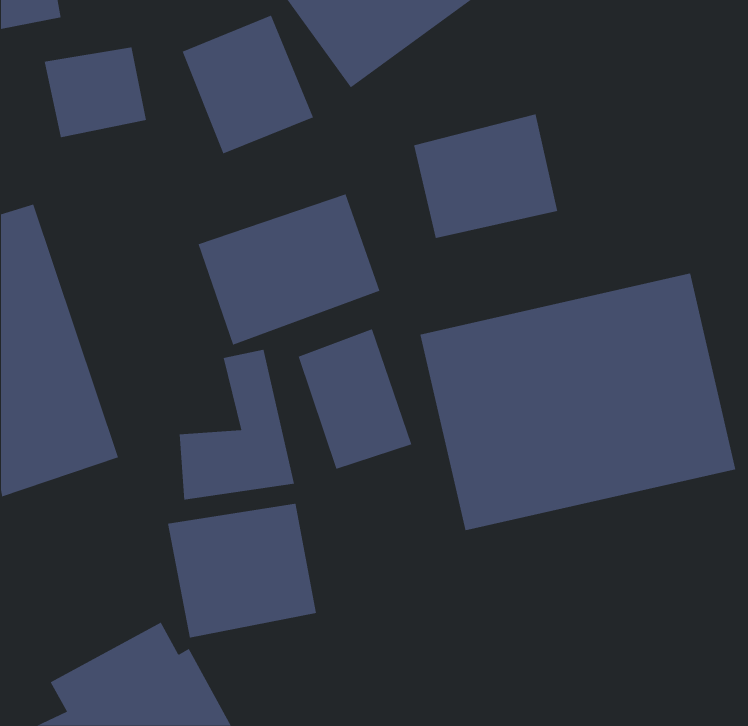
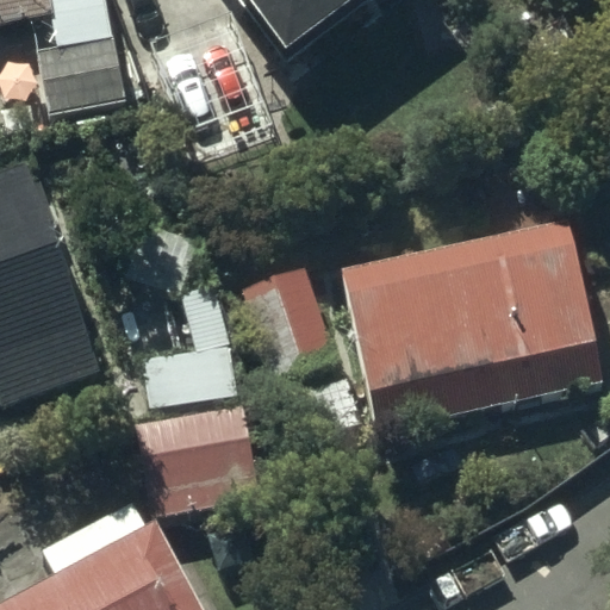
building: [414,113,558,239] -> none
building: [198,194,380,345] -> none

